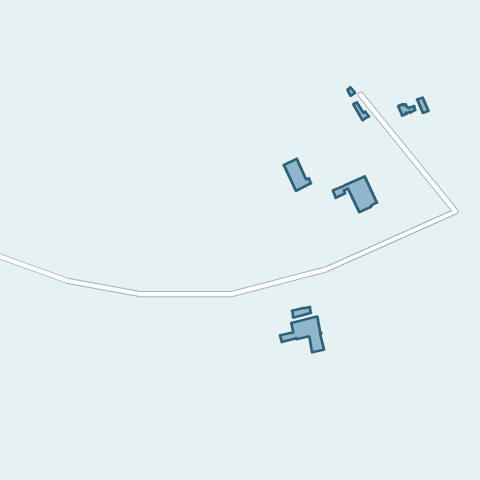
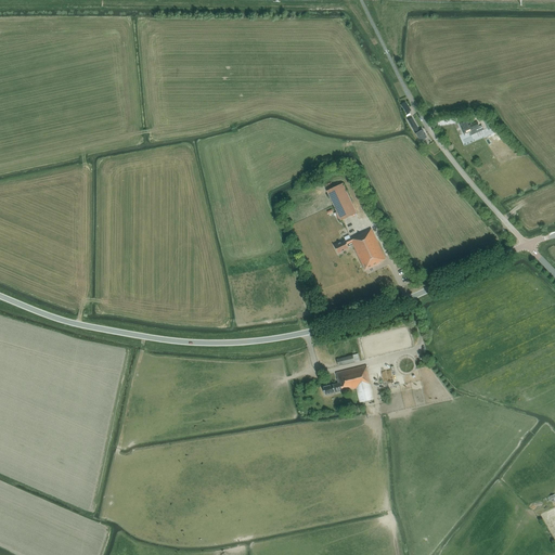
building: [333,176,377,212] -> [335,229,386,270]

